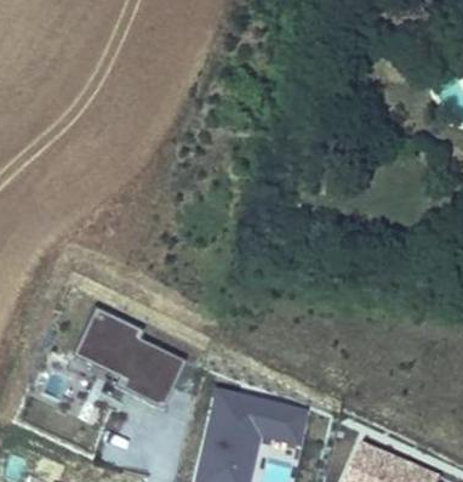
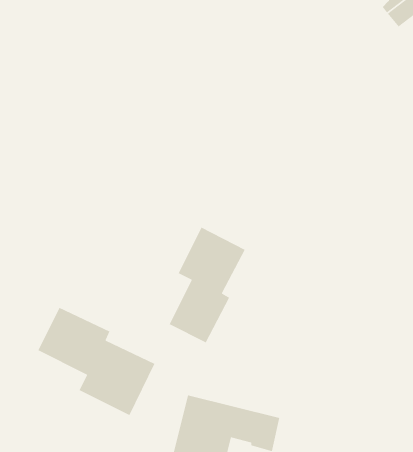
building: none -> [169,227,246,343]

